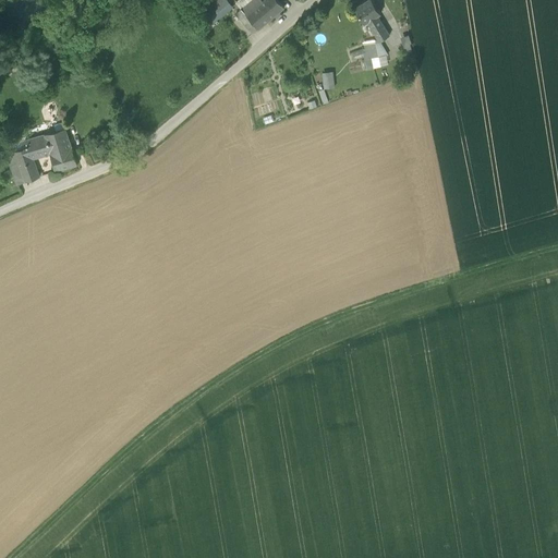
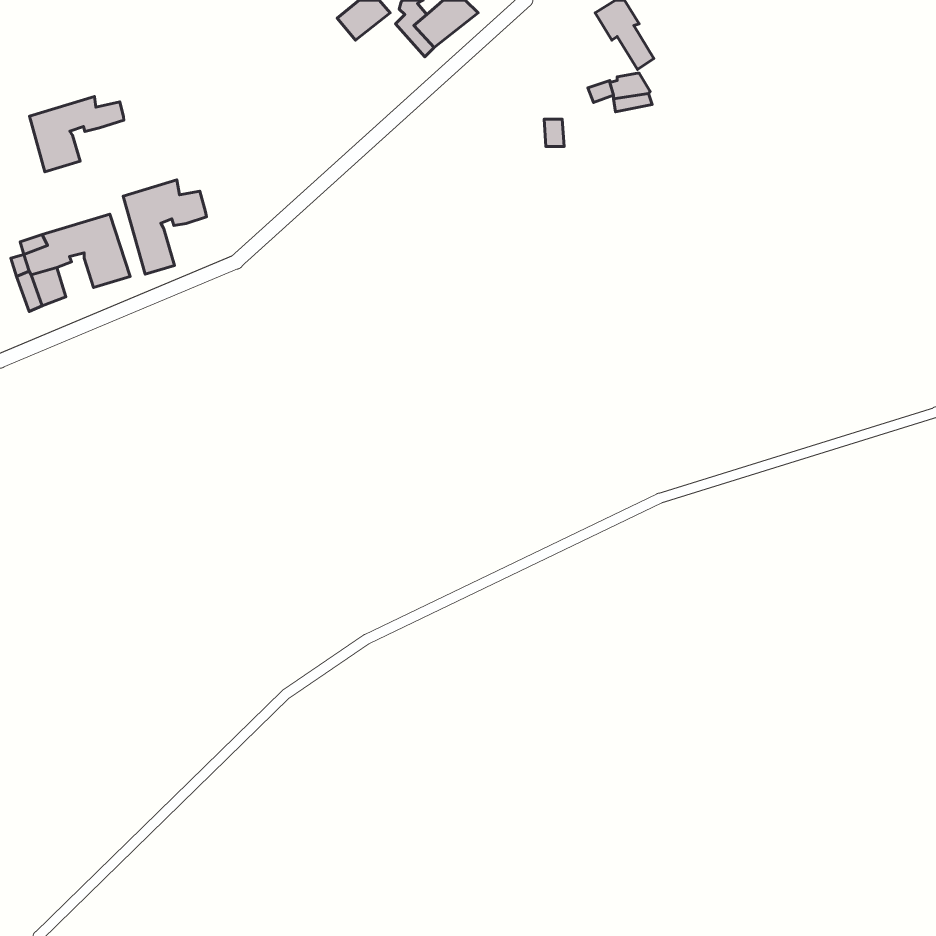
building: none -> [29,96,124,172]
building: none -> [123,180,206,274]

